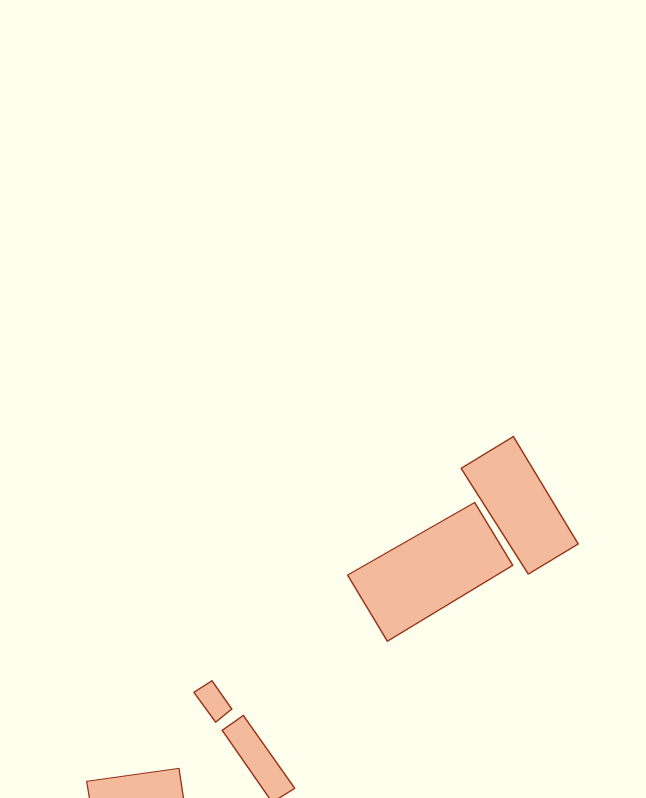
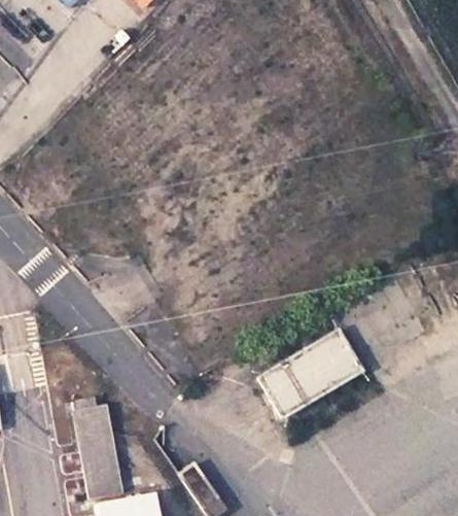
building: [461,436,578,574] -> none
building: none -> [75,406,119,489]

